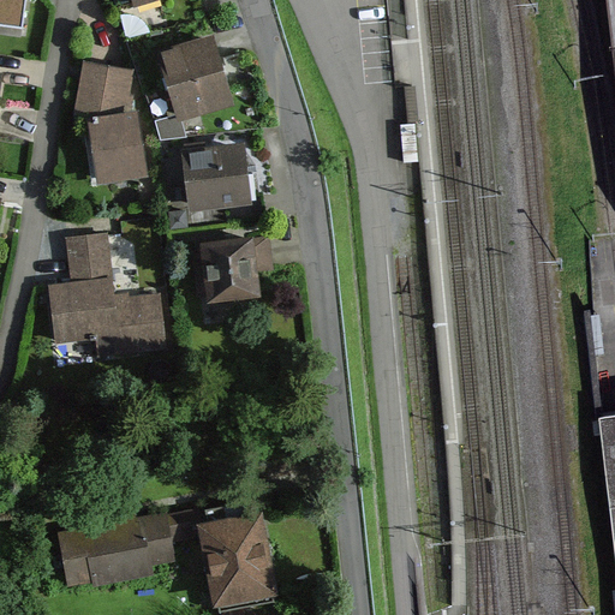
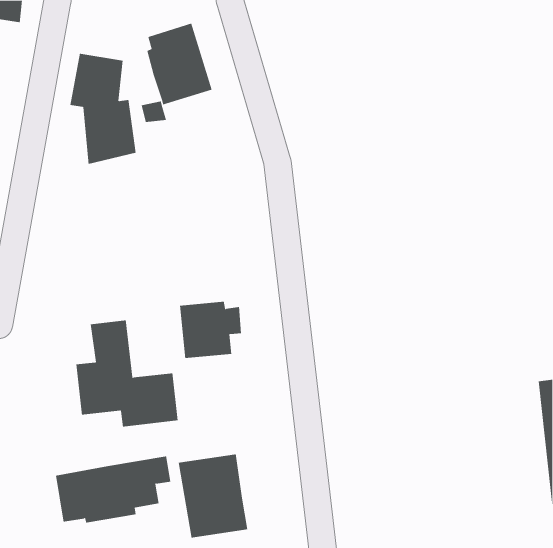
building: [181,142,251,211] -> none
building: [201,235,270,299] -> [179,301,242,358]
building: [48,237,162,356] -> [76,320,179,427]

